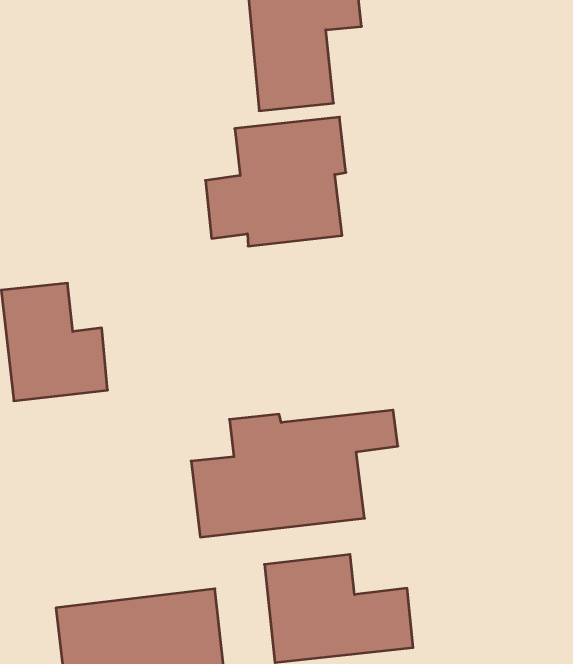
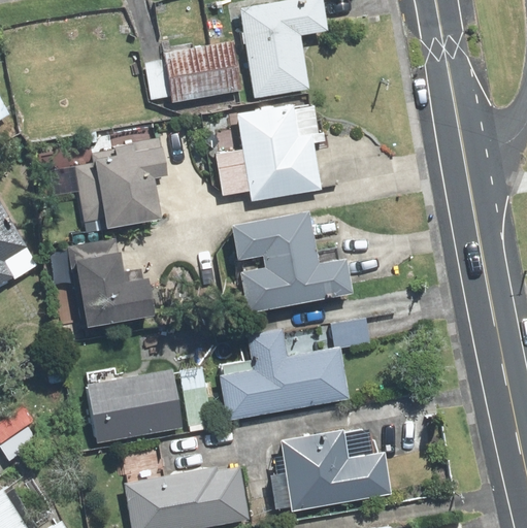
building: none -> [144,39,241,106]
building: none -> [72,136,168,231]
building: none -> [228,210,352,312]
building: none -> [84,365,213,446]

